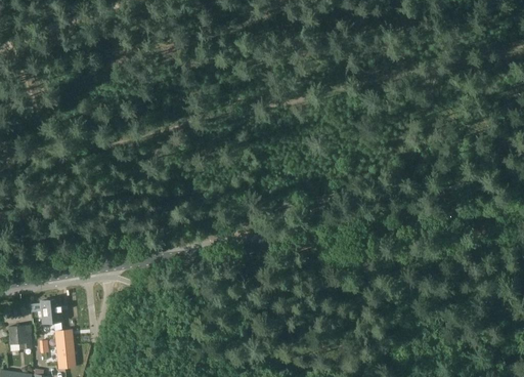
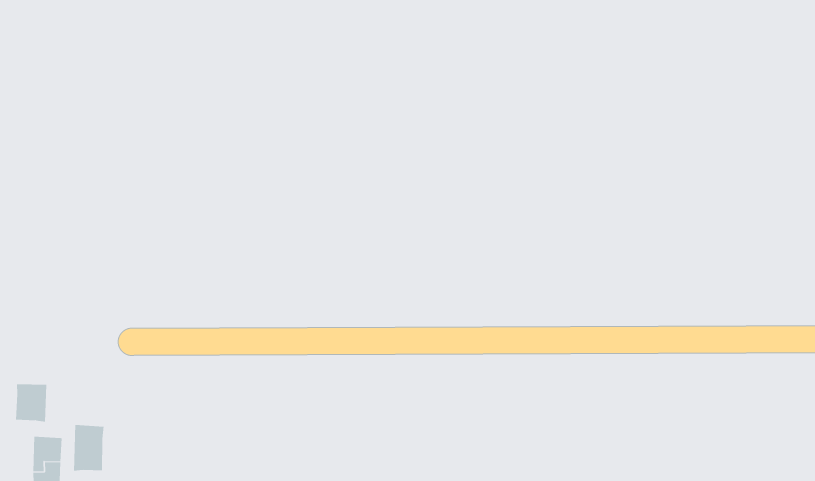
building: none -> [73,424,104,471]

